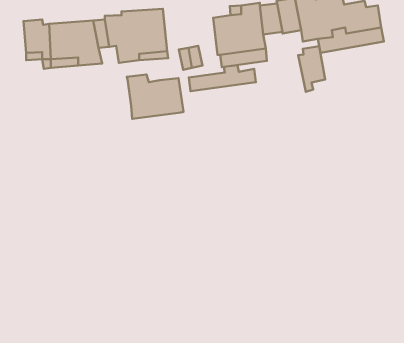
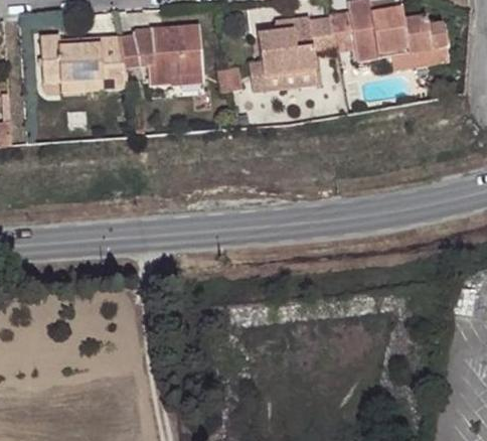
building: [298,46,325,92] -> none
building: [189,65,256,91] -> none
building: [127,74,184,119] -> none

